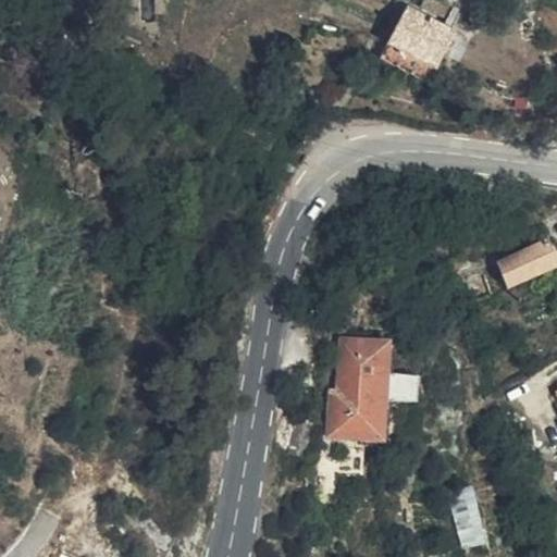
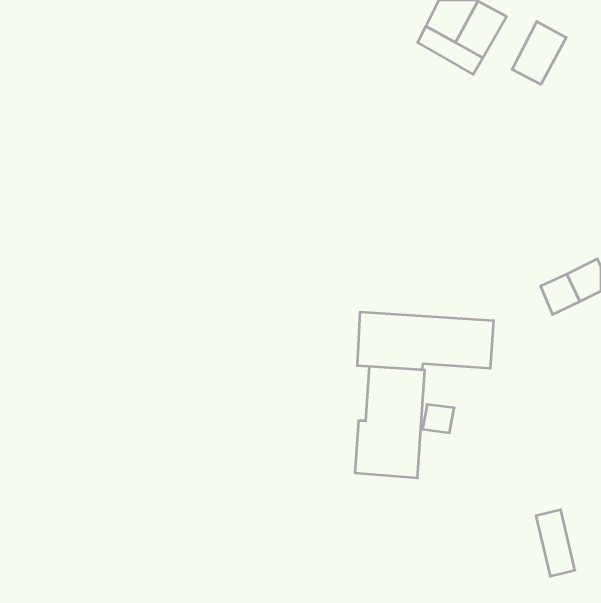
building: none -> [512,21,566,84]
building: none -> [357,312,494,370]
building: [449,485,485,546] -> [536,510,575,576]

